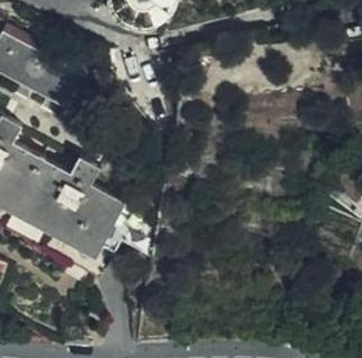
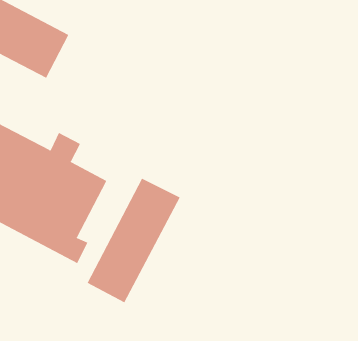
building: none -> [87,178,180,303]

